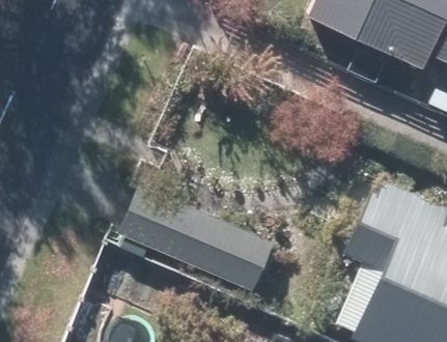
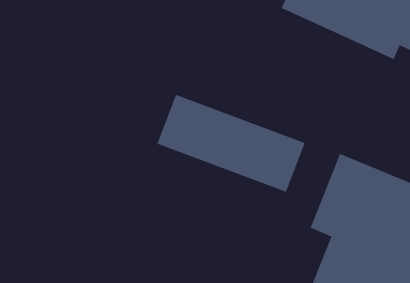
building: [127,191,282,293] -> [157,94,306,193]

